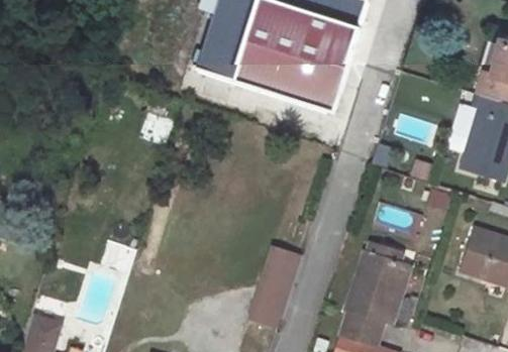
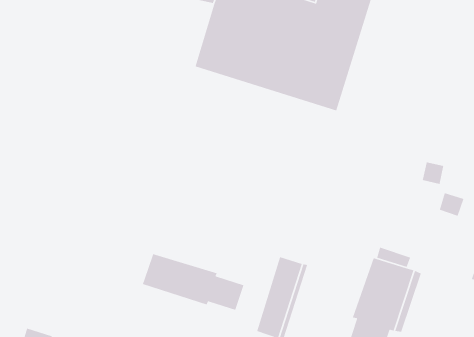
building: none -> [142,253,245,311]

